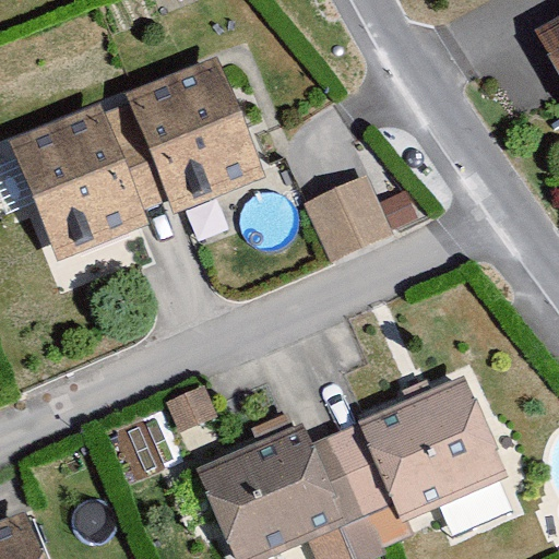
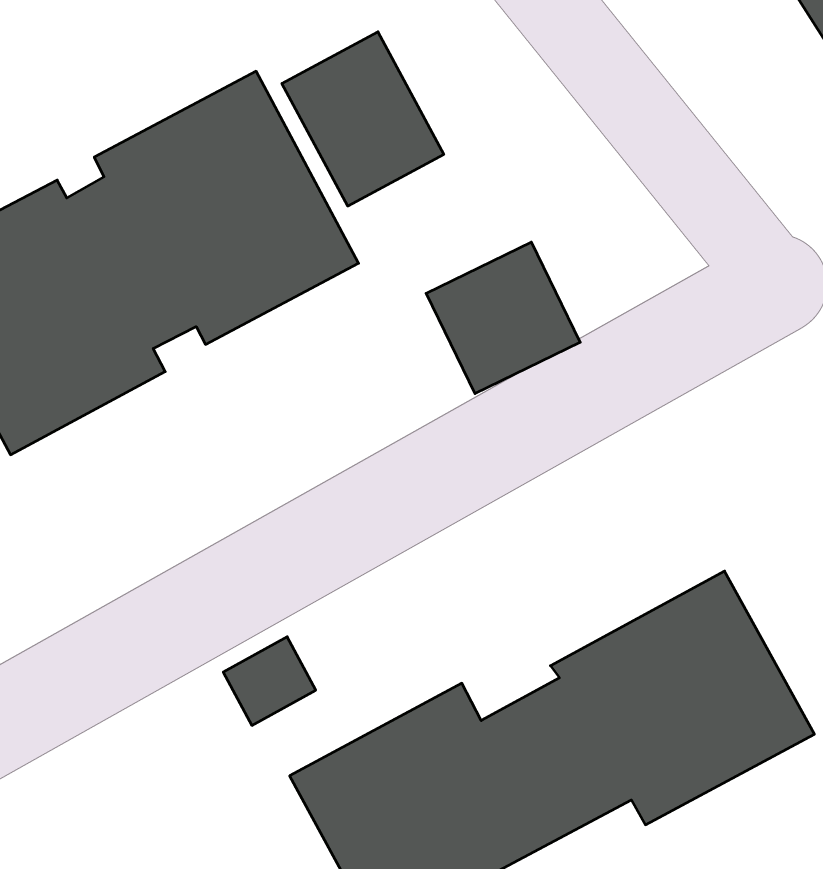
building: none -> [282,32,444,206]

